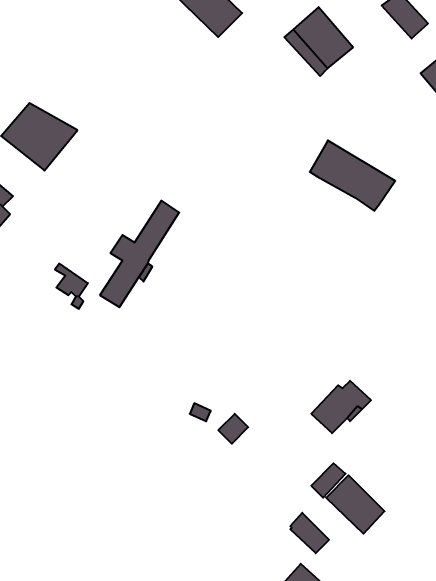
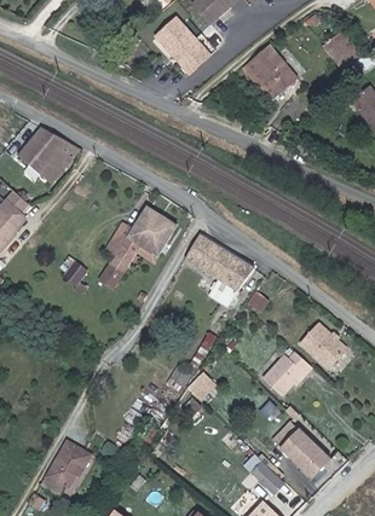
building: [310,140,395,211] -> [185,234,254,291]
building: none -> [135,215,177,263]
building: none -> [304,321,345,364]
building: none -> [42,443,88,489]

